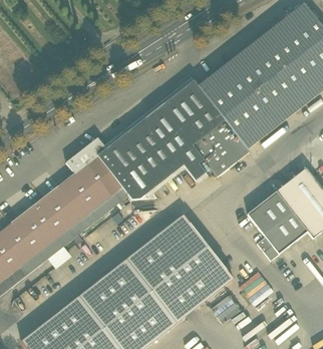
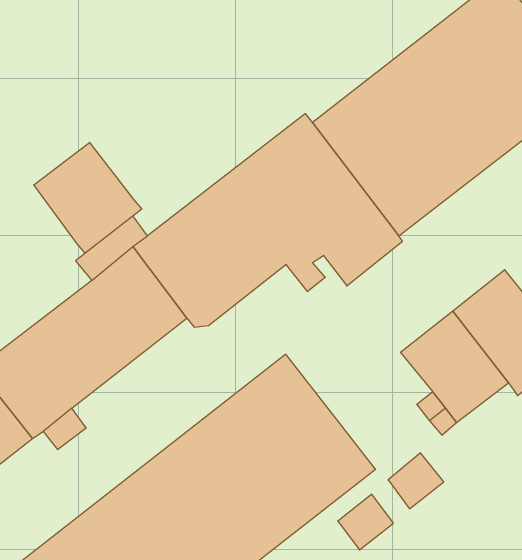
building: none -> [34,142,142,253]

